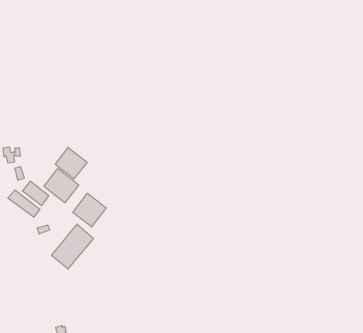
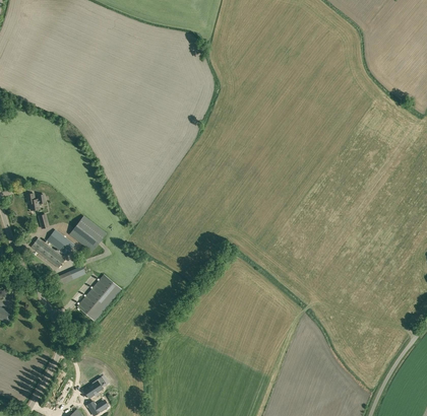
building: [55,147,87,179] -> none
building: [73,193,106,227] -> none

